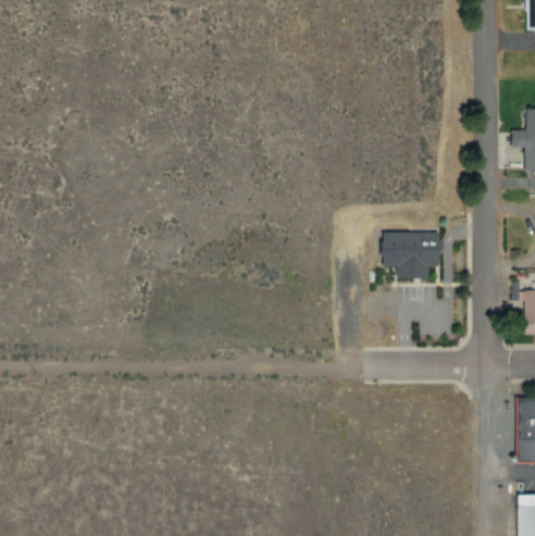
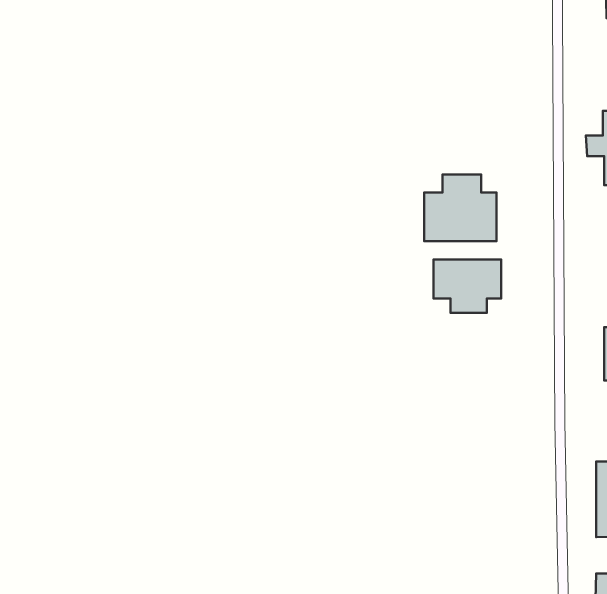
building: none -> [424,175,497,241]

